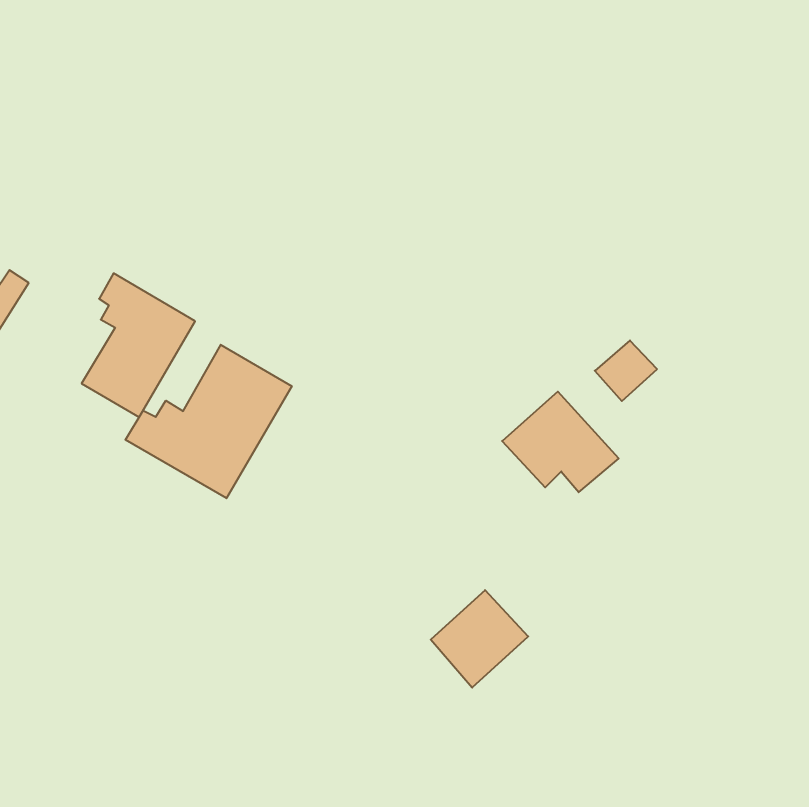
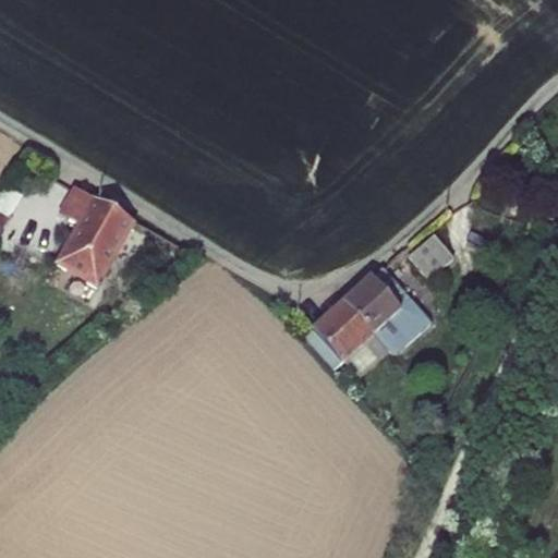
building: [125,345,292,498] -> none
building: [431,590,528,688] -> [305,301,372,367]

